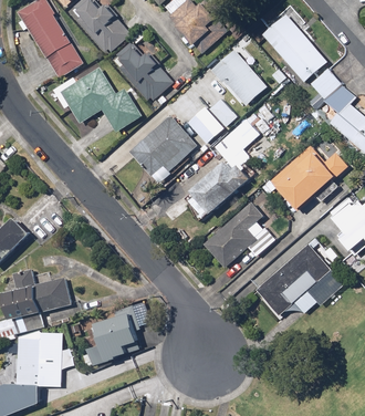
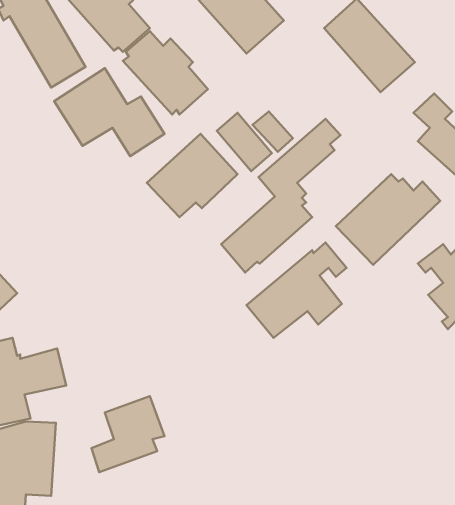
building: [211,49,267,105] -> none
building: [306,67,341,101] -> none
building: [257,243,345,315] -> none

